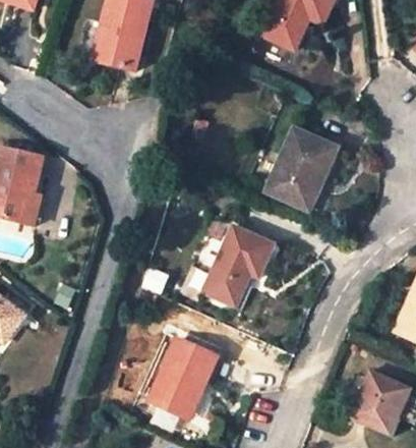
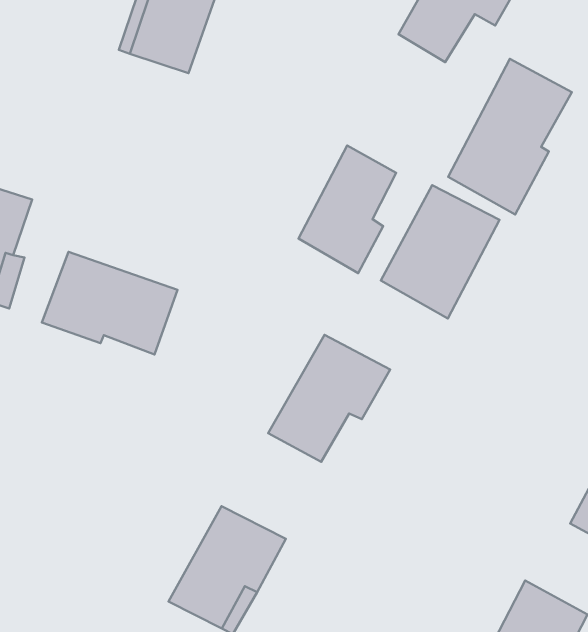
building: none -> [448,59,572,215]
building: none -> [299,145,396,273]
building: none -> [42,252,177,355]

